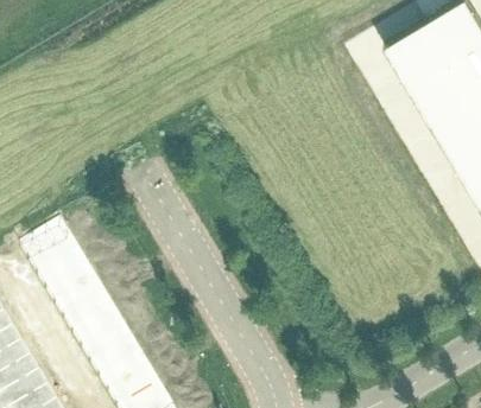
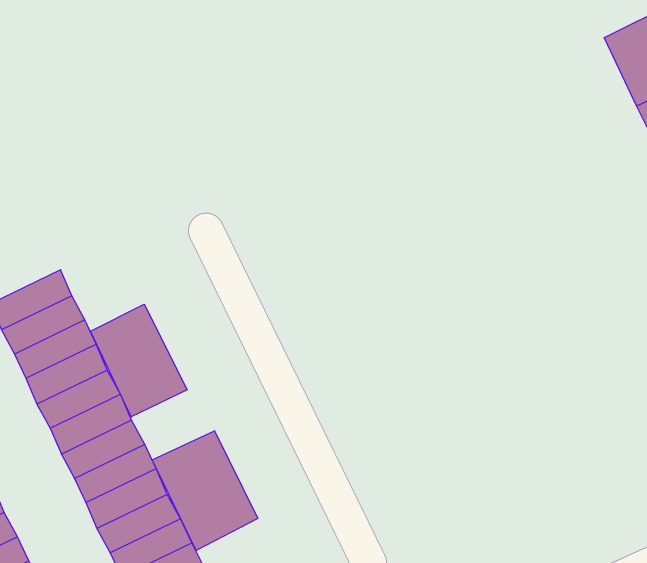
building: none -> [91,304,187,417]
building: none -> [152,431,258,551]

